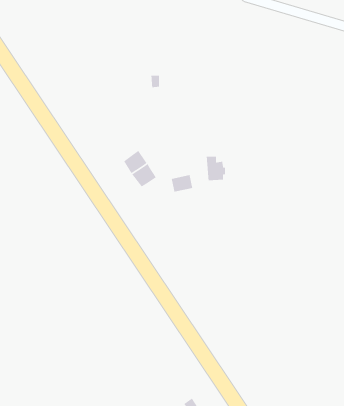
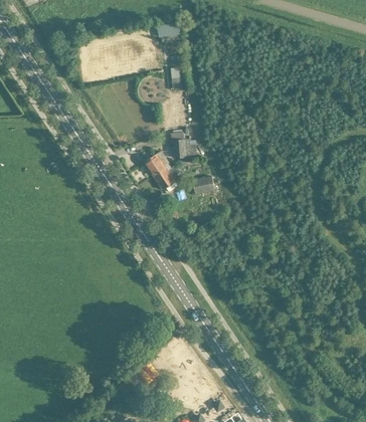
building: [206,156,226,181] -> [173,134,193,159]

